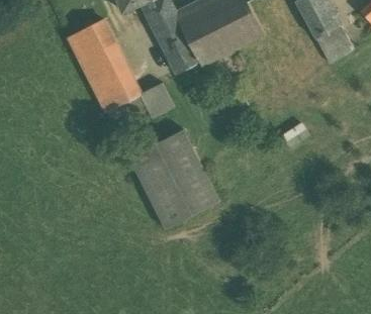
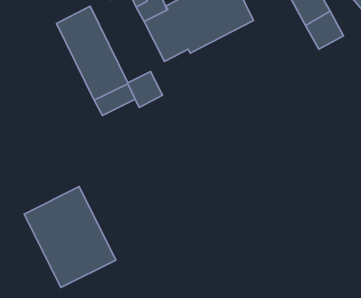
building: [127,129,218,229] -> [24,186,116,288]

